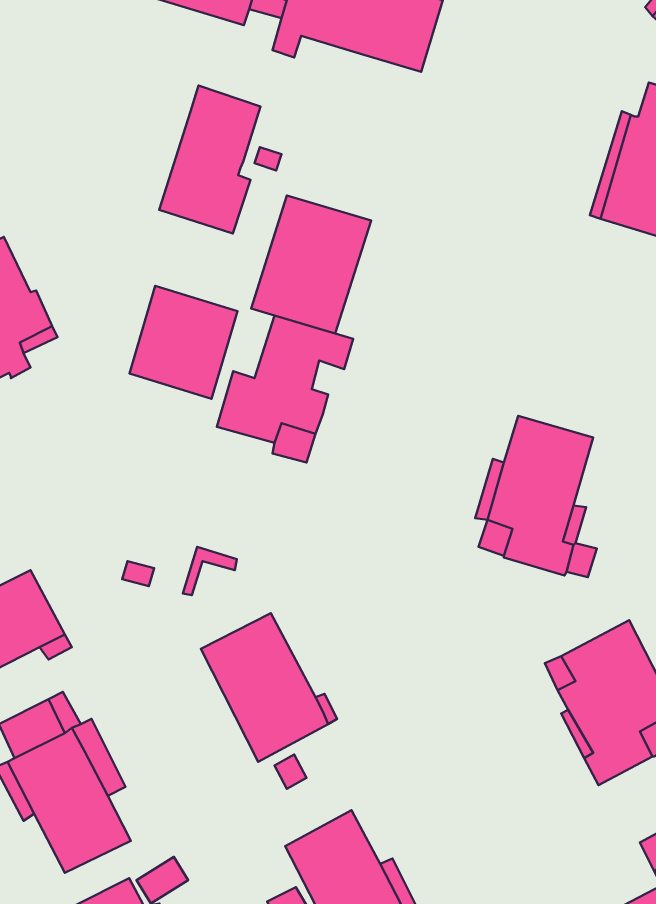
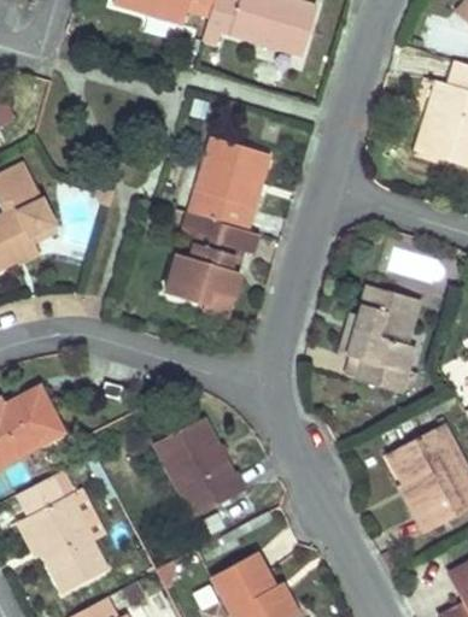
building: [159,86,260,234] -> none
building: [129,286,237,399] -> none

